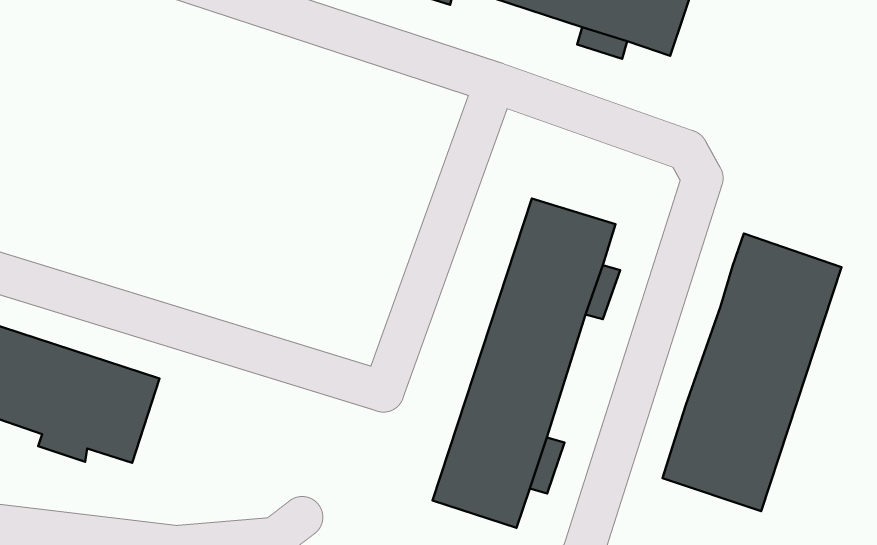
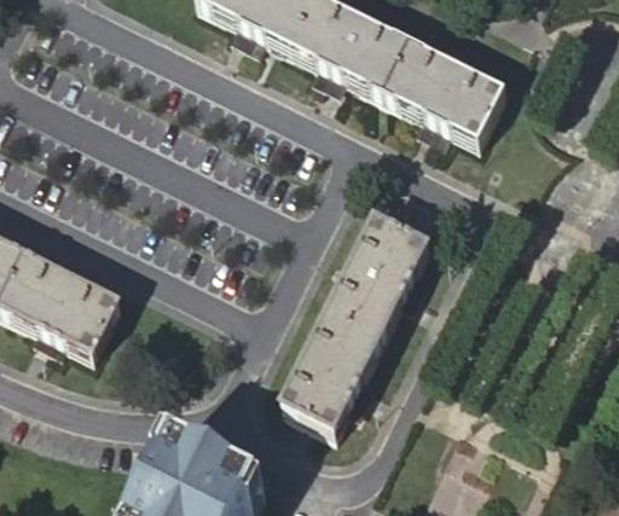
building: [662,233,841,511] -> none

